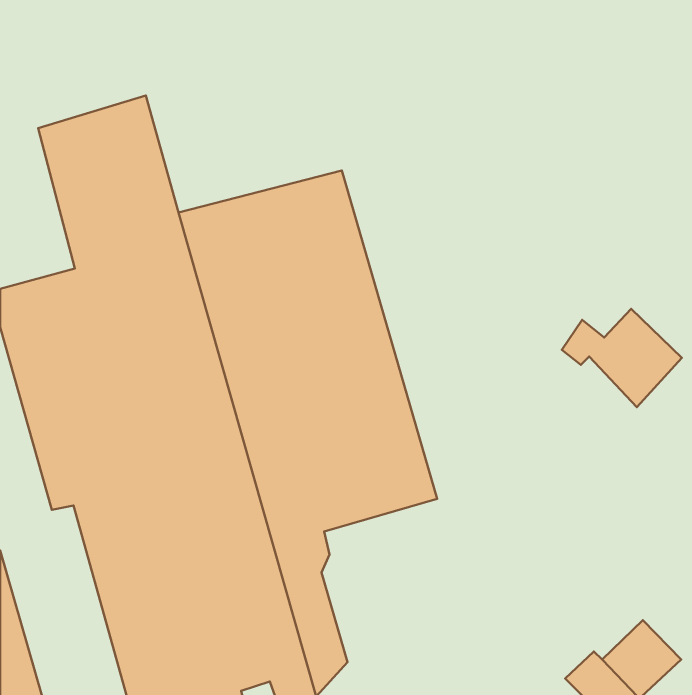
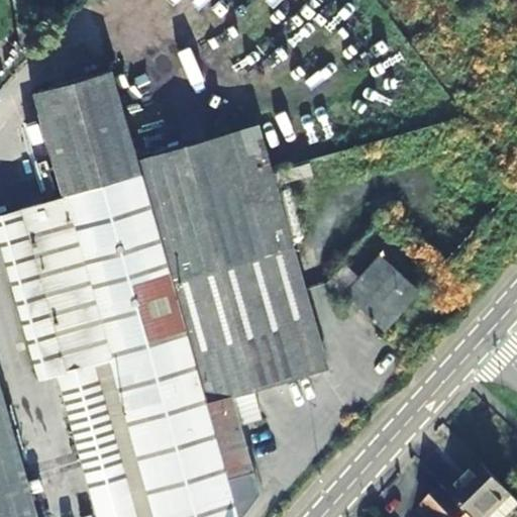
building: [562,309,682,407] -> [328,256,417,329]

